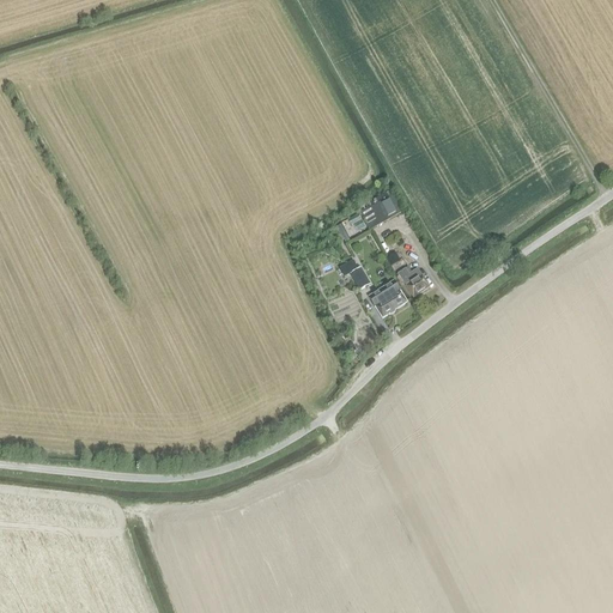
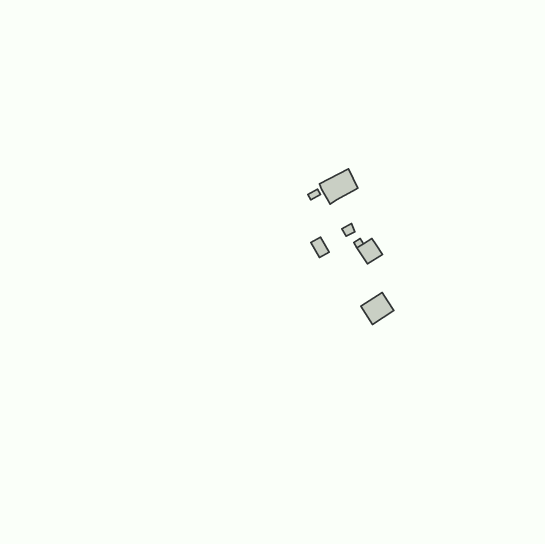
building: [369,280,406,316] -> [361,292,394,324]

